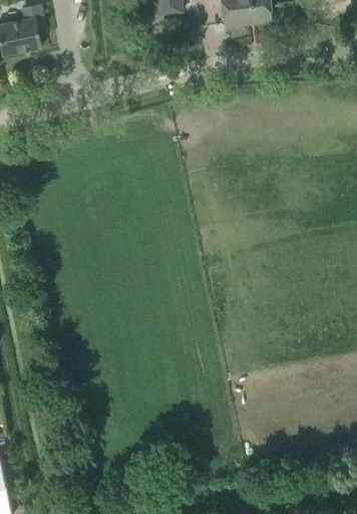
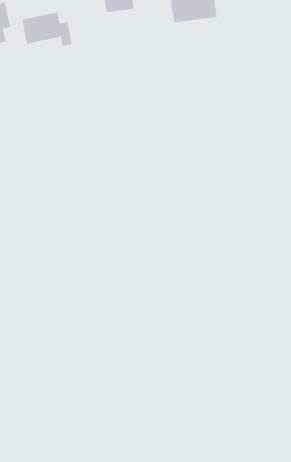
building: none -> [22,11,72,47]

